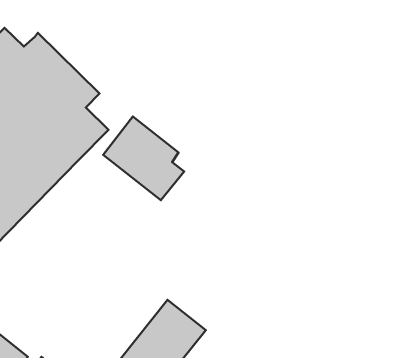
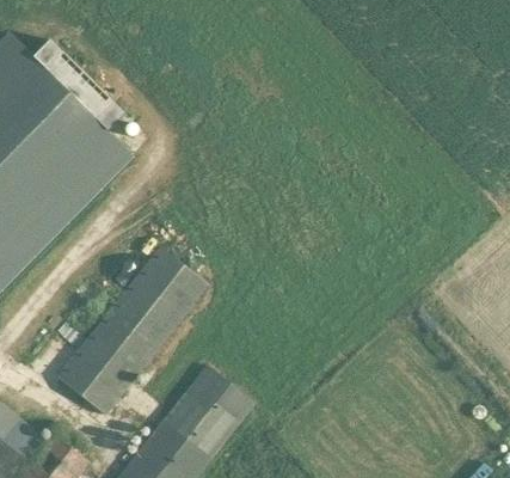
building: [103,117,184,200] -> none
building: none -> [55,247,205,416]

